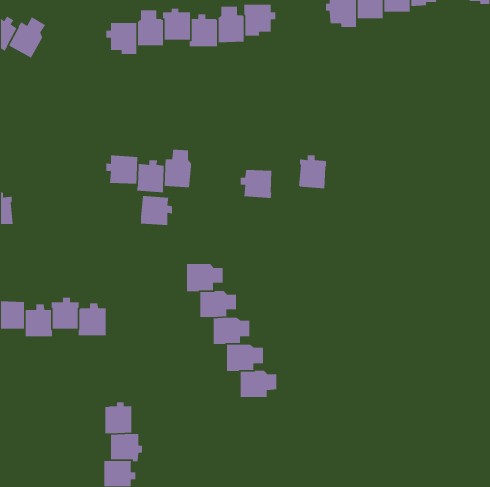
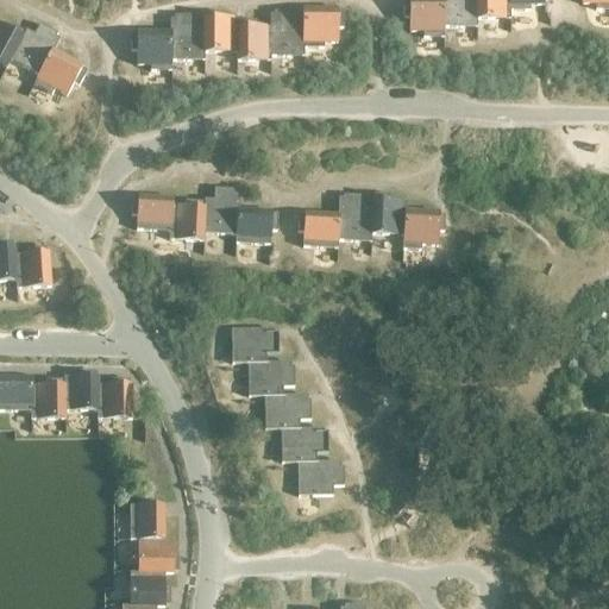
building: none -> [33,46,83,94]
building: none -> [337,192,372,240]
building: none -> [402,199,438,247]
building: [140,195,173,226] -> [236,205,276,243]
building: none -> [14,244,51,287]

